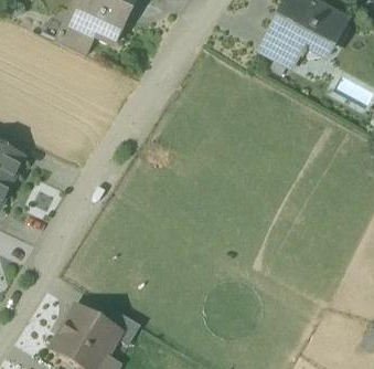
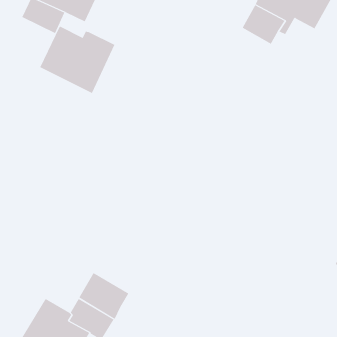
building: none -> [39,26,115,94]
building: none -> [78,272,129,320]

